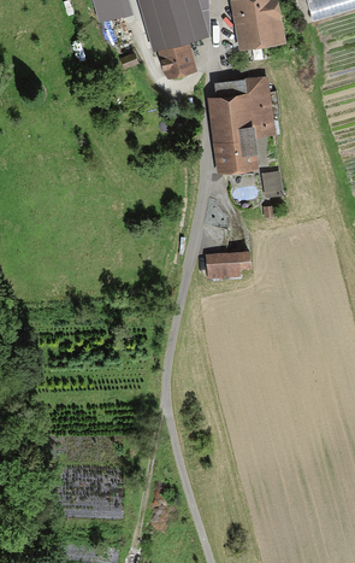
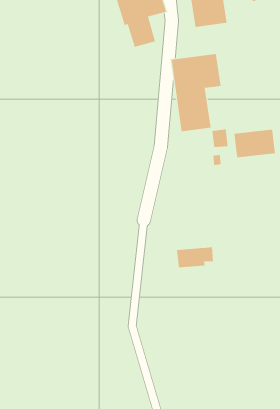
building: none -> [234,129,275,158]
building: [205,251,250,276] -> [176,247,214,268]

